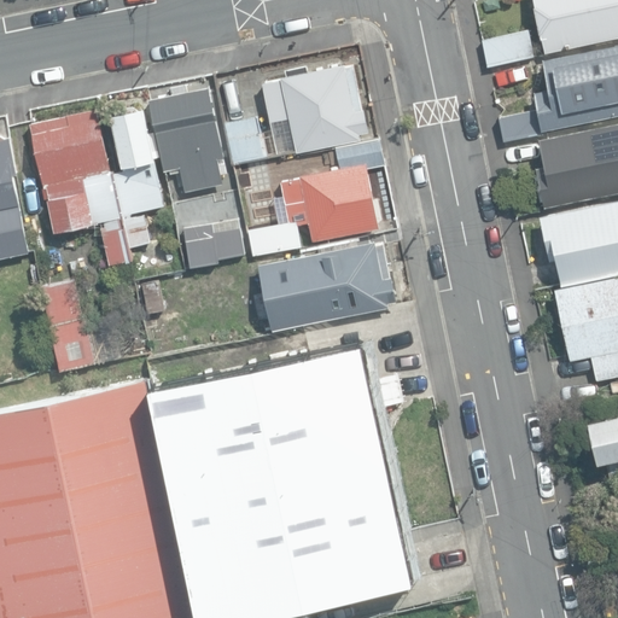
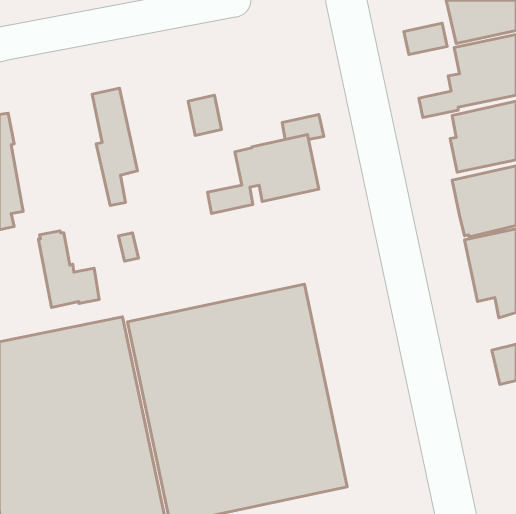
building: [263,64,371,154] -> none
building: [150,84,227,193] -> none
building: [29,110,133,267] -> none
building: [183,221,245,270] -> none
building: [260,243,398,333] -> none

